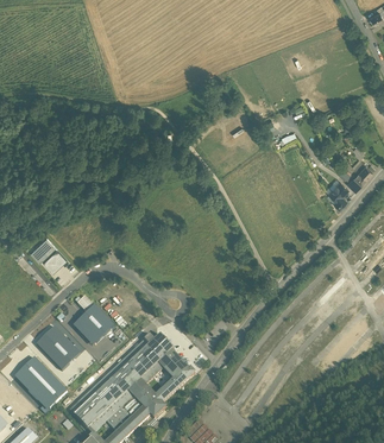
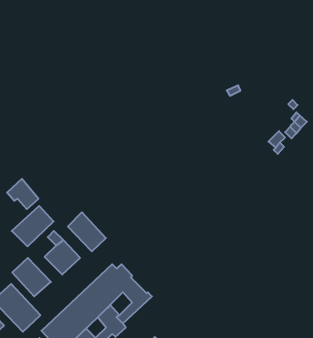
building: none -> [12,206,54,246]
building: none -> [68,212,106,251]

